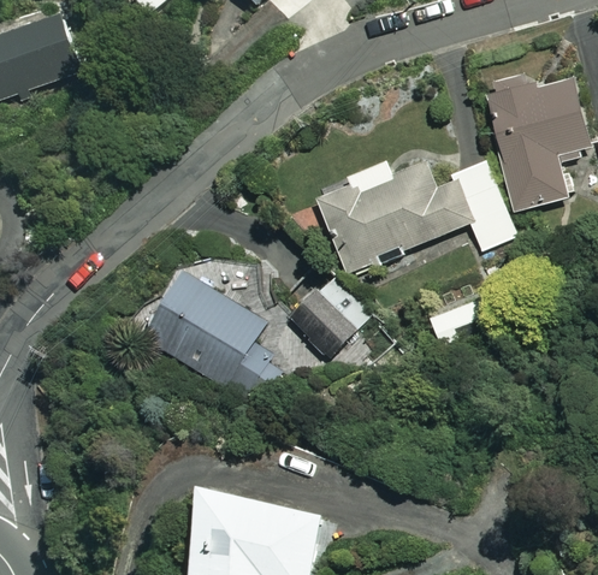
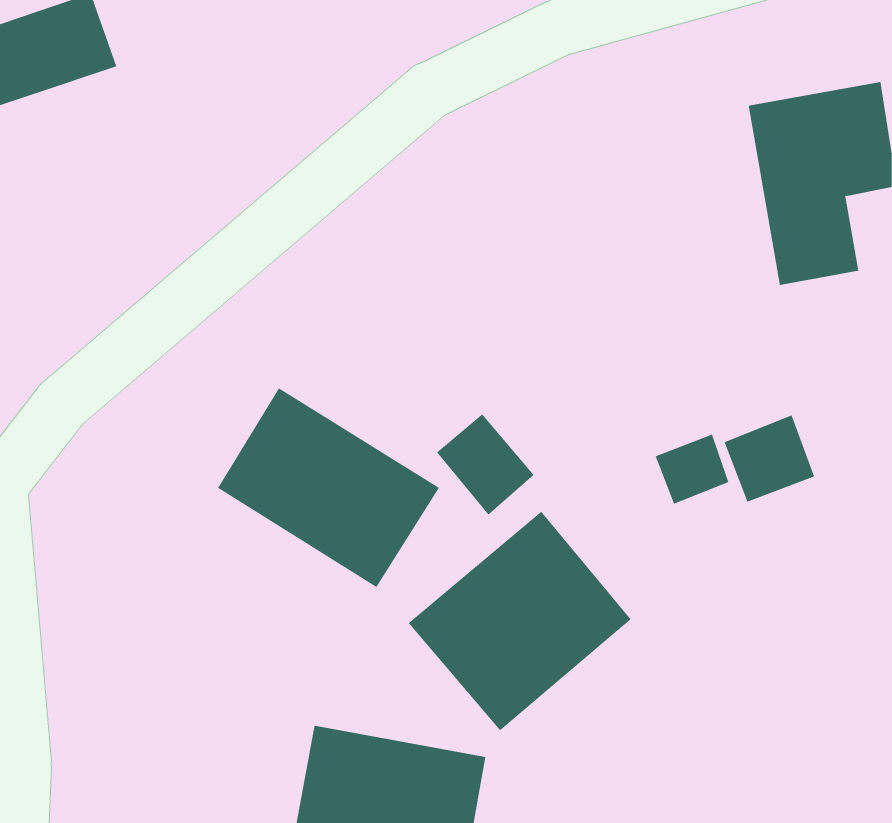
building: [310,158,514,273] -> none
building: none -> [724,414,815,503]
building: none -> [408,511,631,731]

